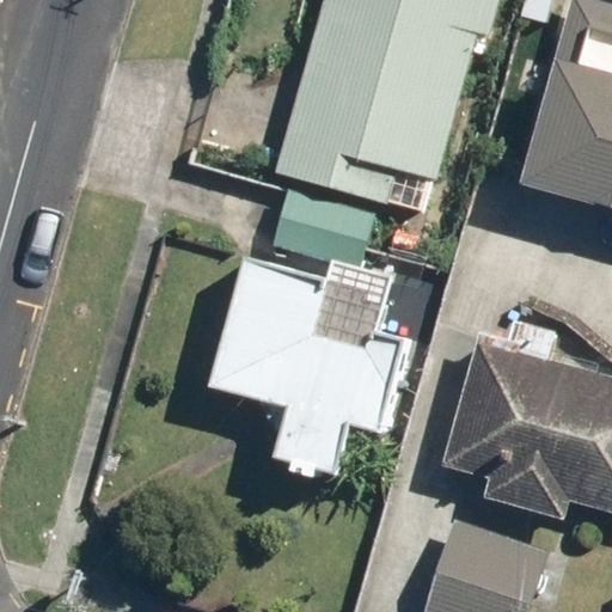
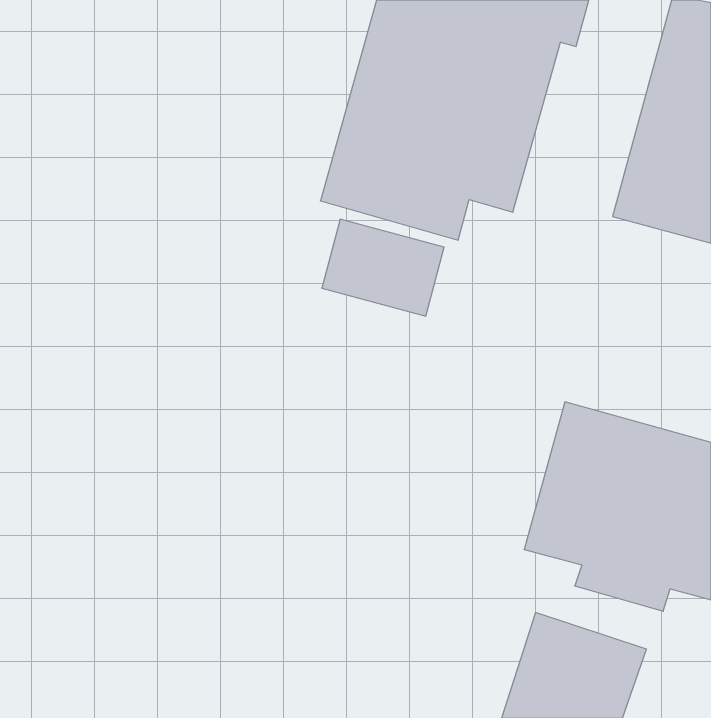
building: [213,258,408,475] -> none

